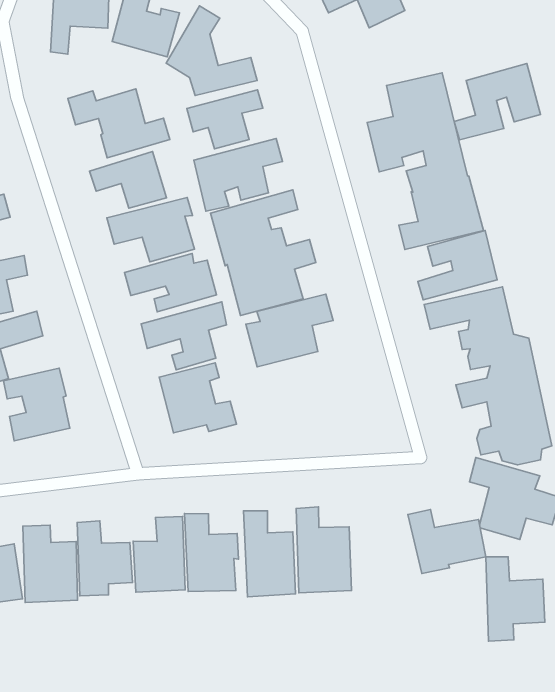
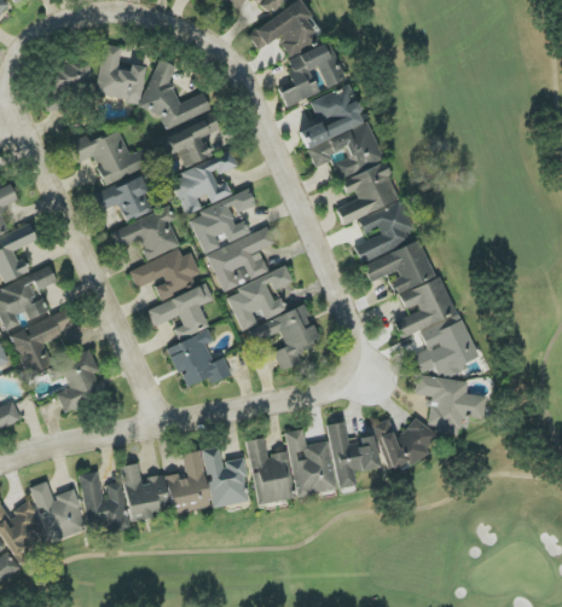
building: [454,64,541,140] -> [279,41,344,106]
building: none -> [248,306,319,371]
building: [486,557,545,641] -> [326,422,378,489]

